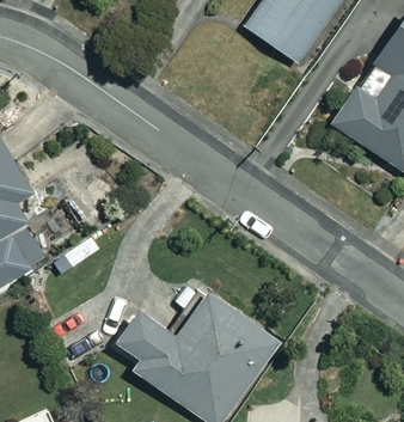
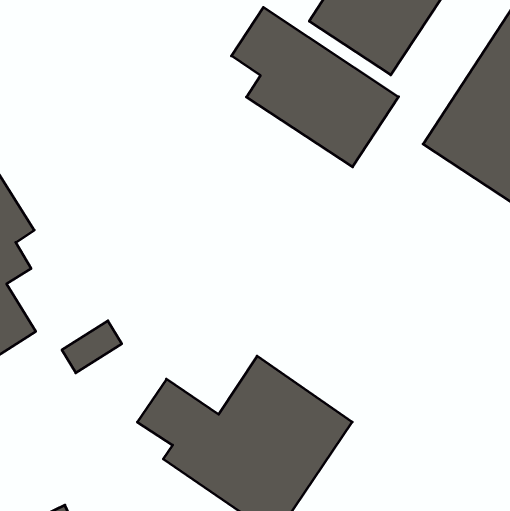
building: none -> [231,7,399,167]

